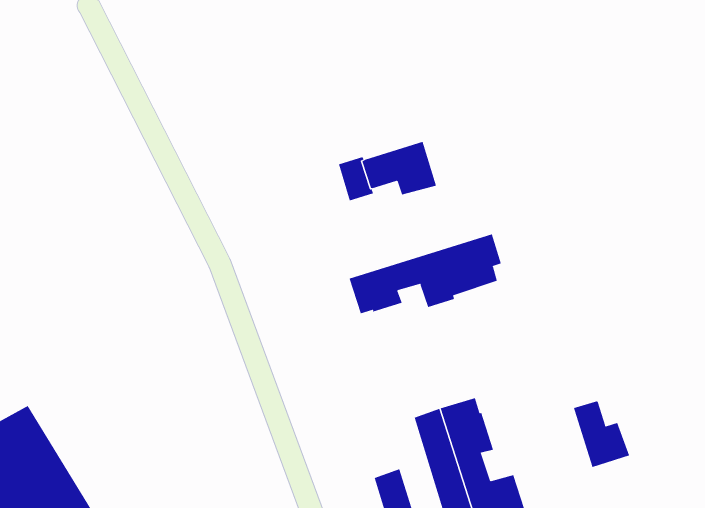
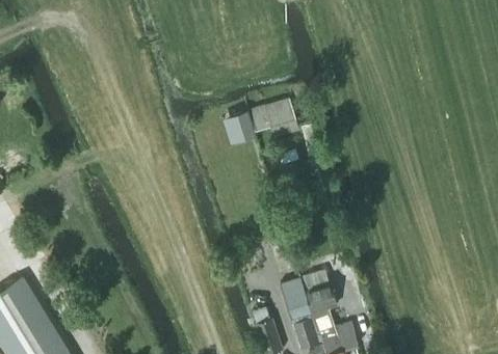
building: [349,234,502,314] -> none
building: [574,400,630,468] -> none

